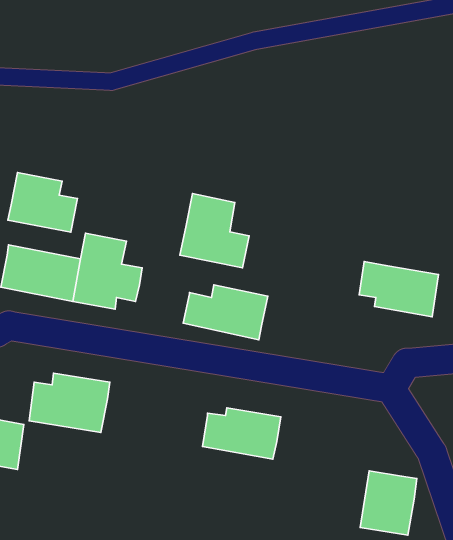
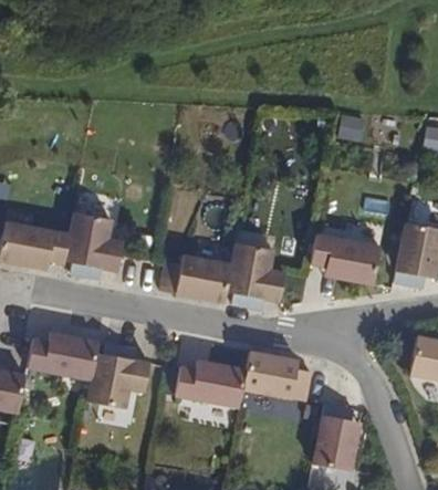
building: [8,172,78,232] -> none
building: [180,193,249,268] -> [227,237,286,301]
building: none -> [240,352,309,400]
building: none -> [86,353,150,408]

